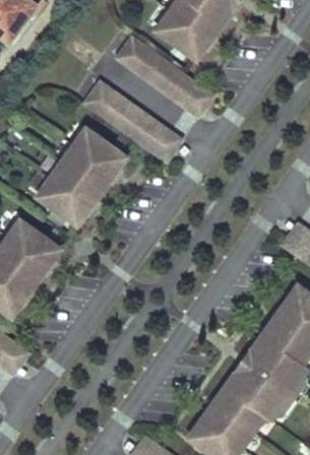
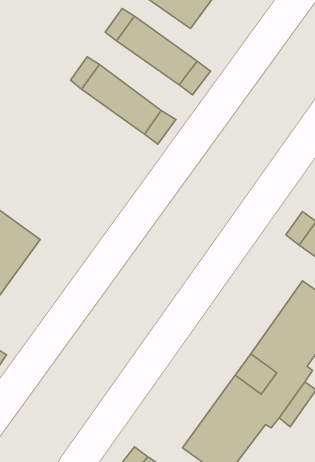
building: [37,127,124,222] -> none

